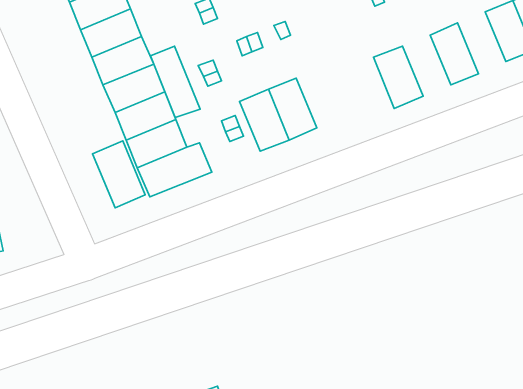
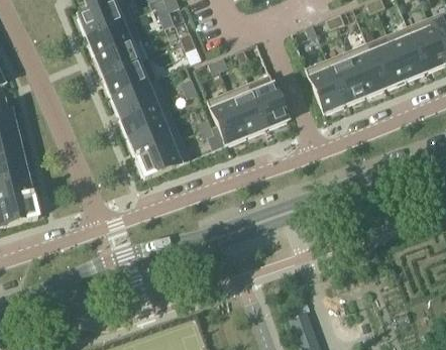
building: none -> [370,41,406,87]
building: none -> [330,59,365,103]
building: [151,46,200,118] -> none
building: none -> [252,82,289,126]
building: [92,141,145,208] -> none

